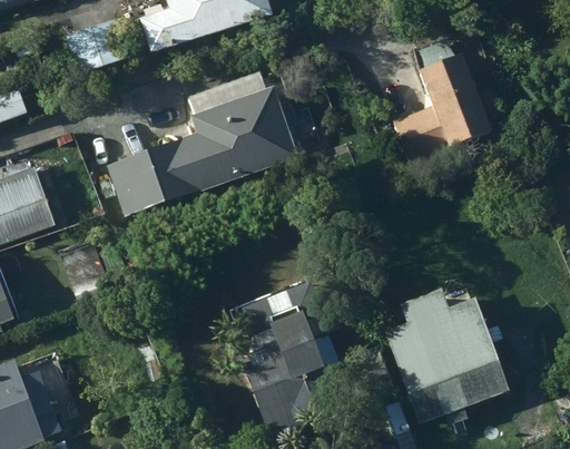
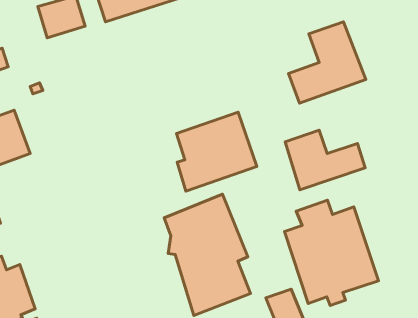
building: [190,86,296,189] -> [176,112,257,191]
building: [108,154,171,214] -> none
building: none -> [285,130,365,190]

